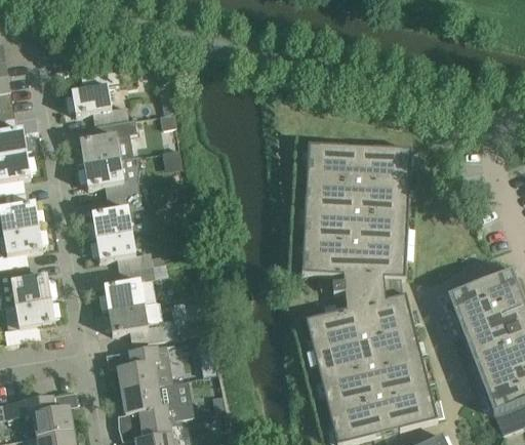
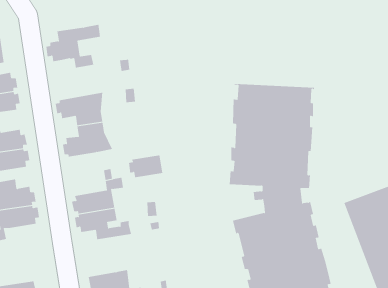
building: [75,119,136,165] -> none
building: [90,232,135,261] -> [128,155,163,178]
building: [116,345,171,391] -> none

